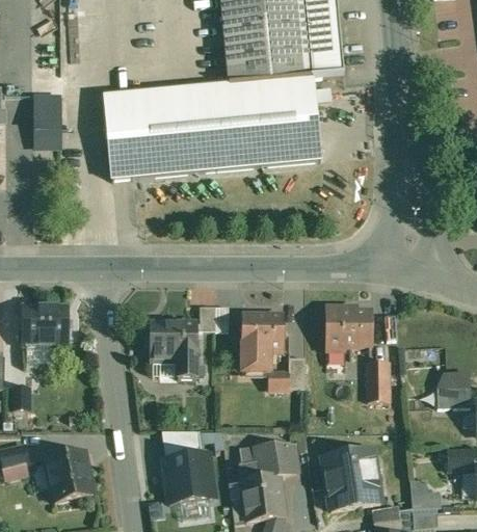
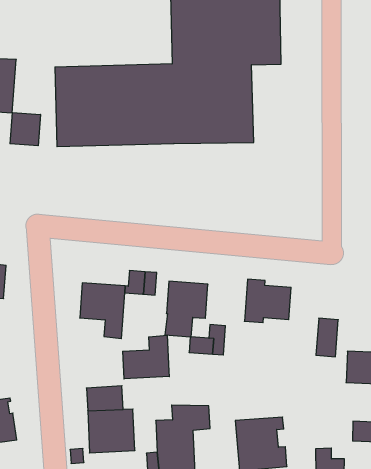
building: none -> [10,112,40,146]
building: [367,361,388,400] -> [316,318,338,357]
building: none -> [123,335,169,379]

